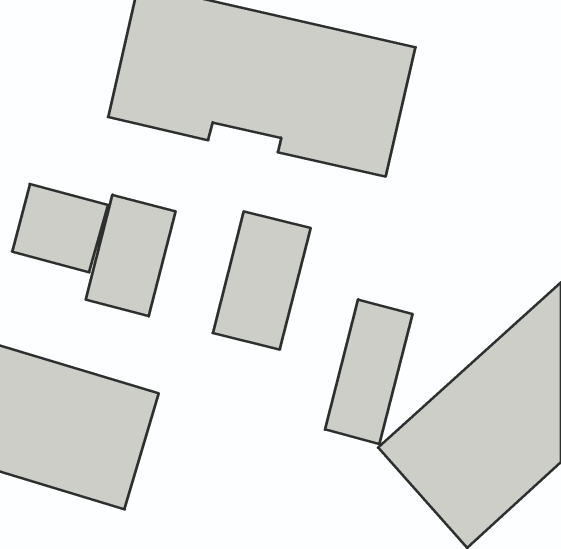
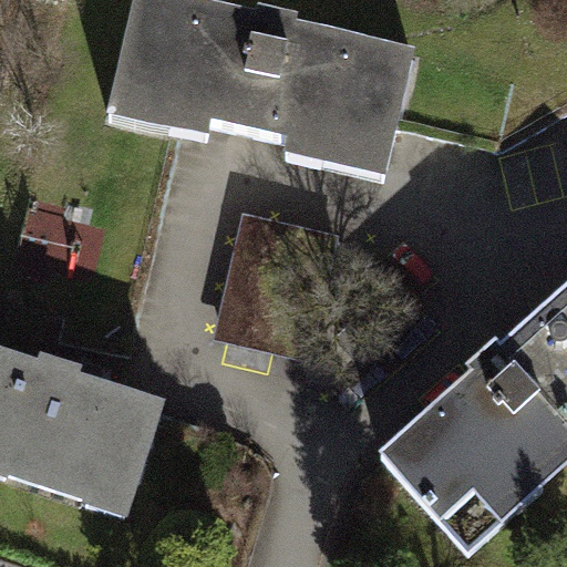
building: [86,195,175,316] -> none
building: [325,299,412,444] -> none

